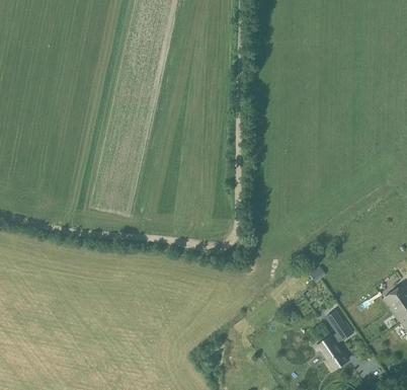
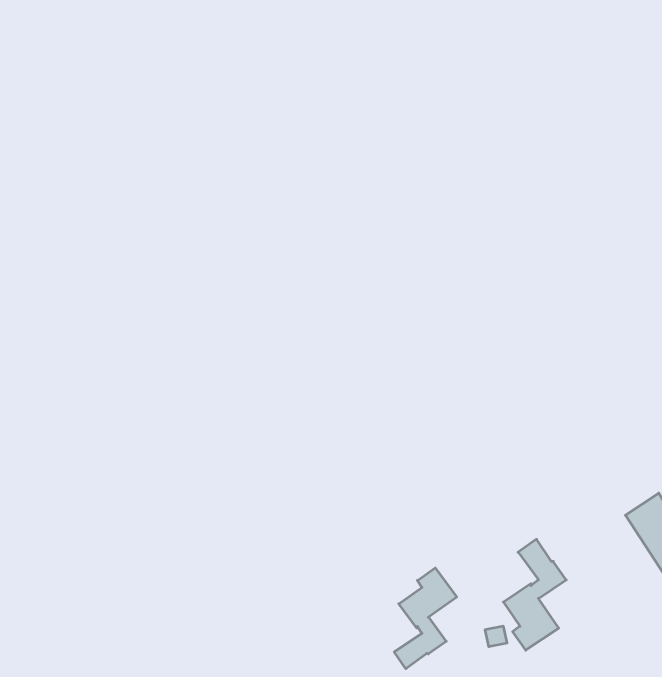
building: none -> [394,568,457,669]

